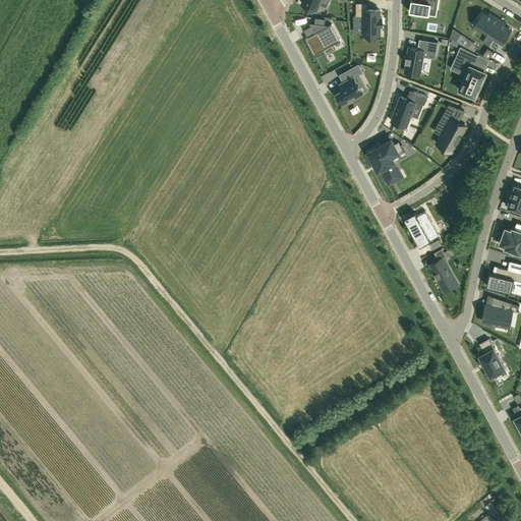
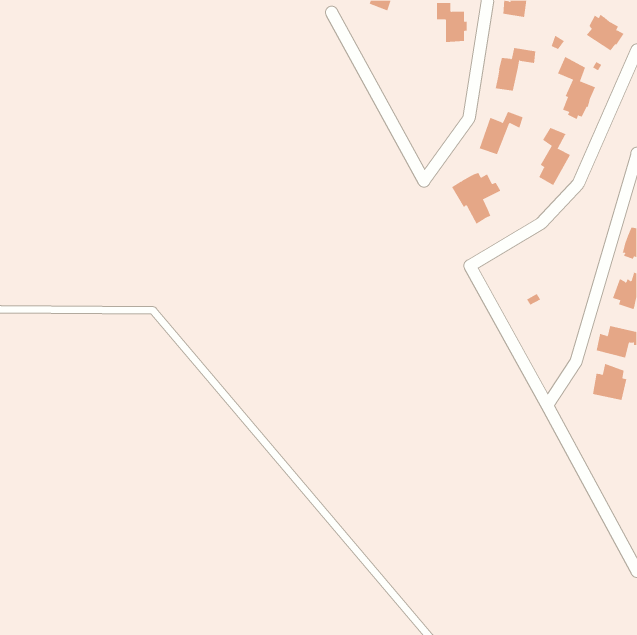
building: [305,19,337,56] -> none
building: [336,66,362,106] -> none
building: [404,213,433,248] -> none
building: [429,250,455,289] -> none
building: [479,340,505,379] -> none

